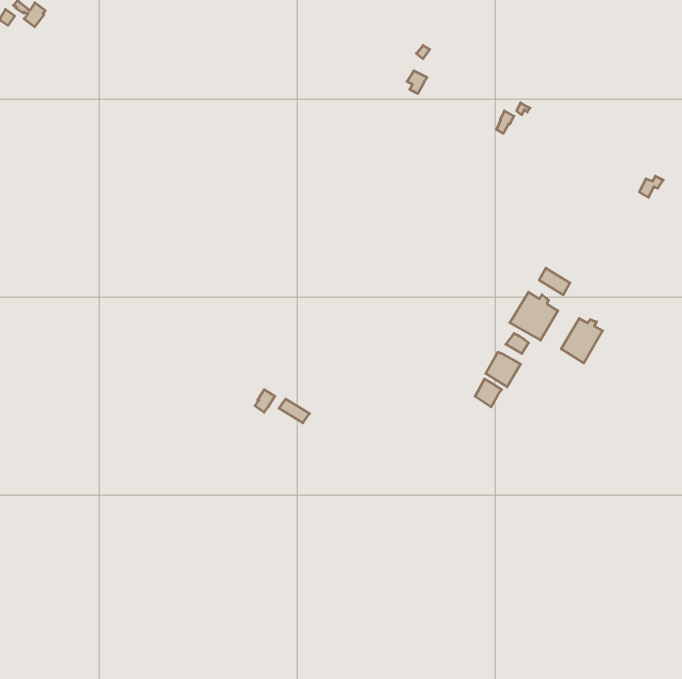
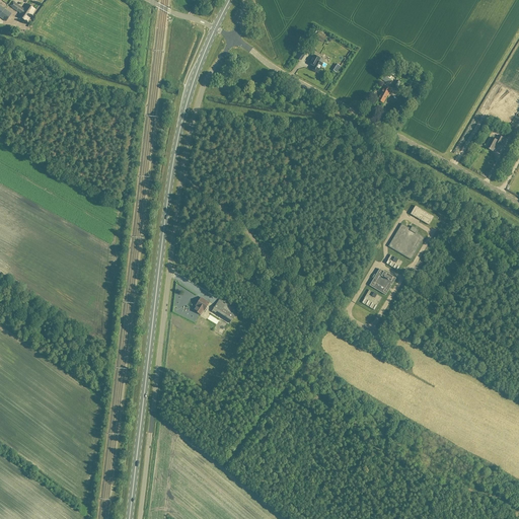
building: [561,318,603,363] -> none

